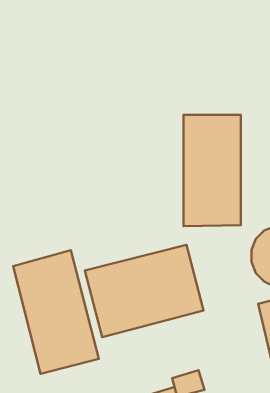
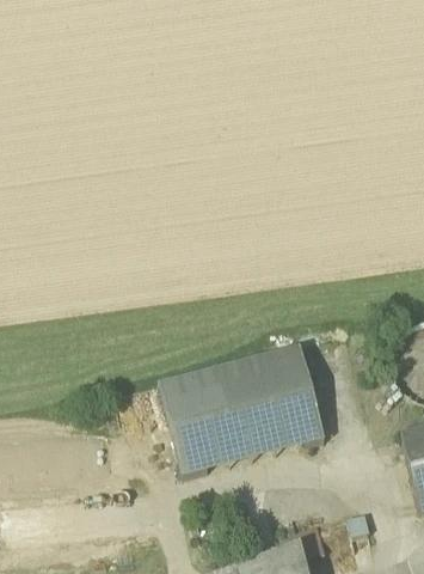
building: [183,115,241,226] -> none
building: [13,250,99,374] -> none

